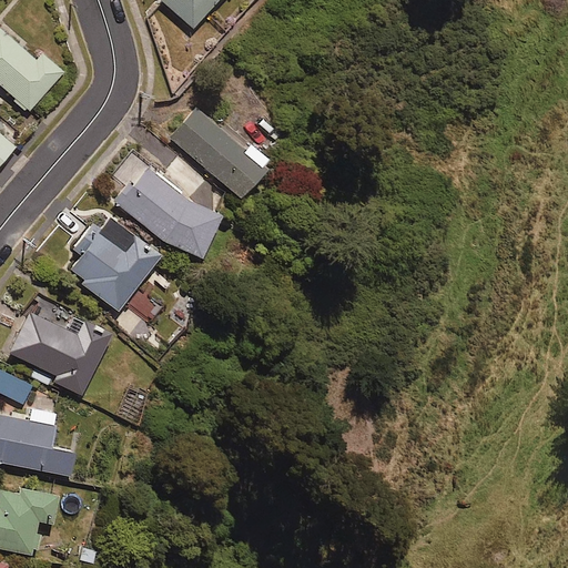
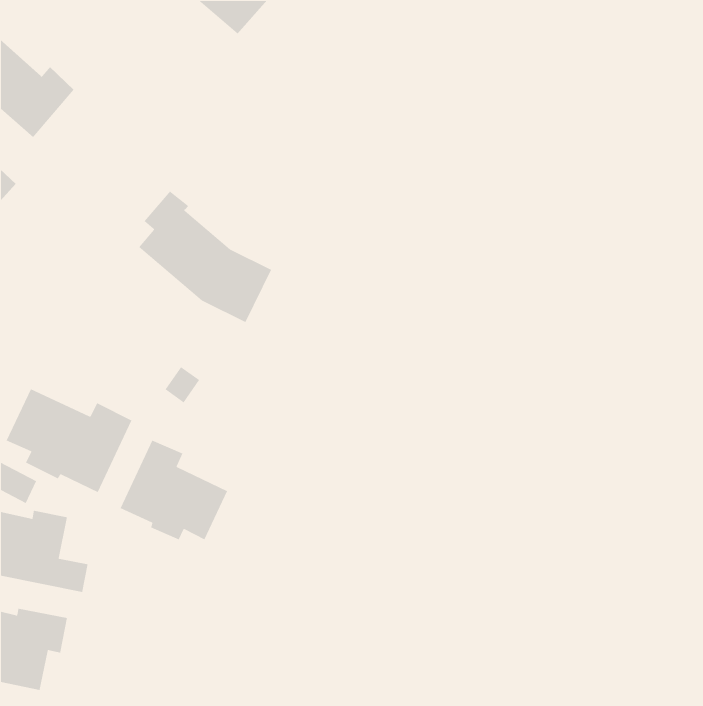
building: [170,108,267,197] -> none
building: [68,217,160,311] -> none
building: none -> [119,439,228,541]

